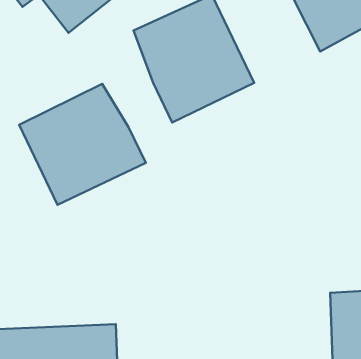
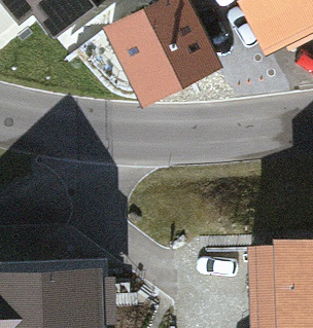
building: [19,84,146,205] -> none

